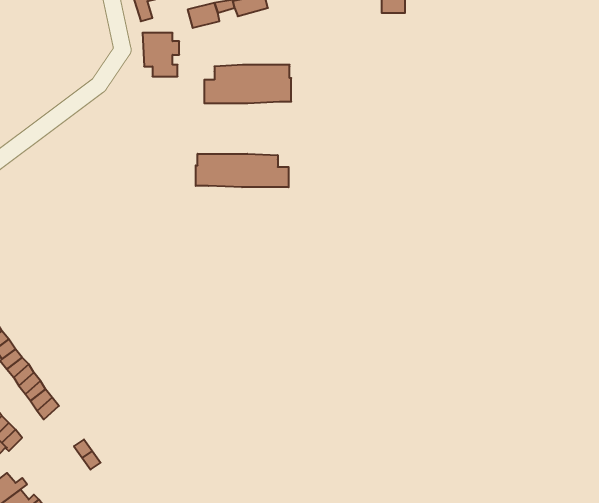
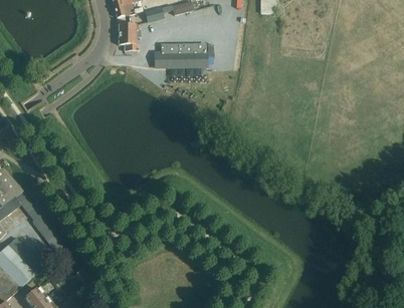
building: [196,154,289,187] -> none

